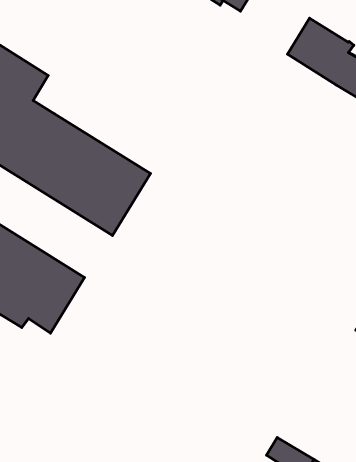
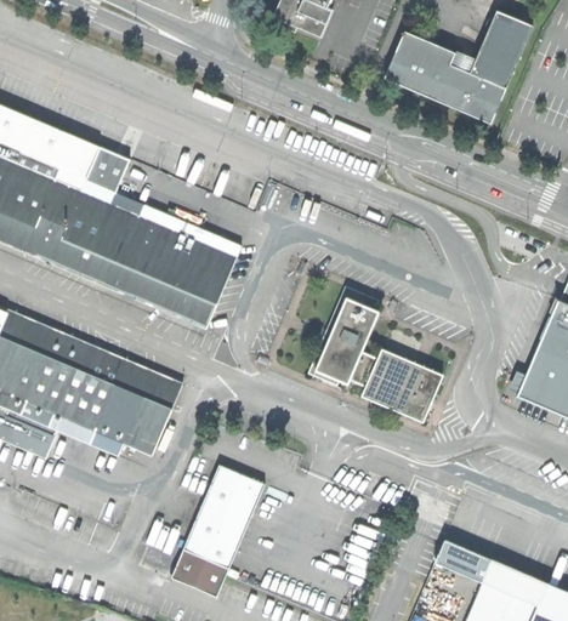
building: none -> [87,148,129,193]
building: none -> [313,286,444,420]
building: none -> [170,463,263,596]

